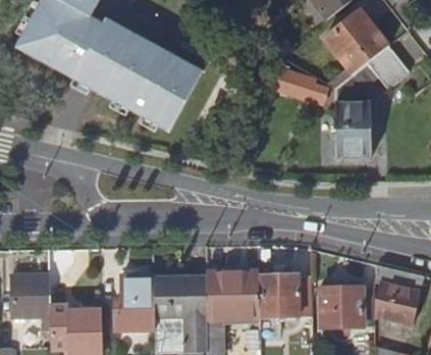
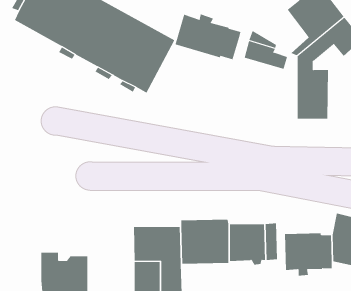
building: none -> [175,14,241,60]
building: [11,275,50,338] -> none
building: [114,277,154,336] -> none

